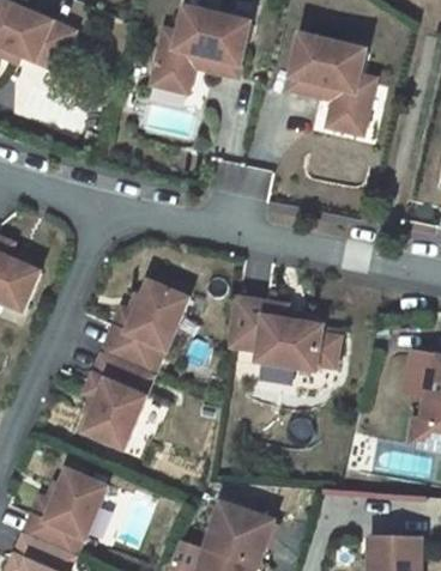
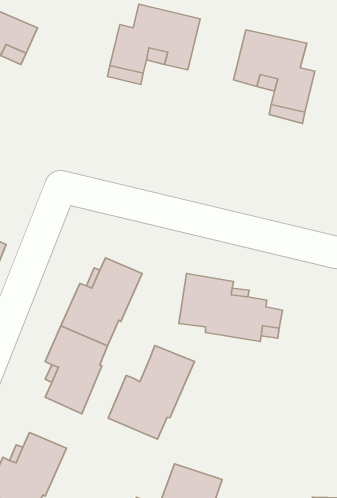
building: none -> [108,346,194,439]

